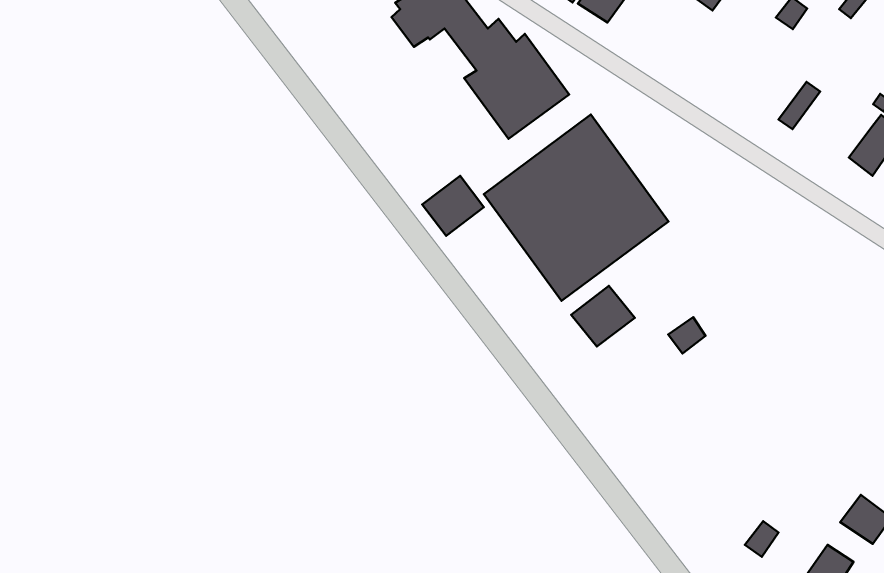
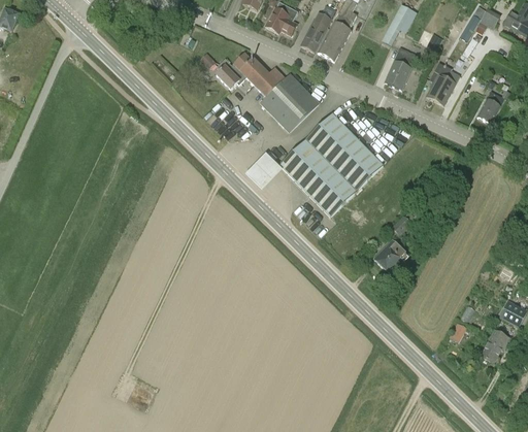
building: none -> [385,47,417,90]
building: none -> [426,63,452,101]
building: [571,286,635,347] -> [373,240,408,274]

